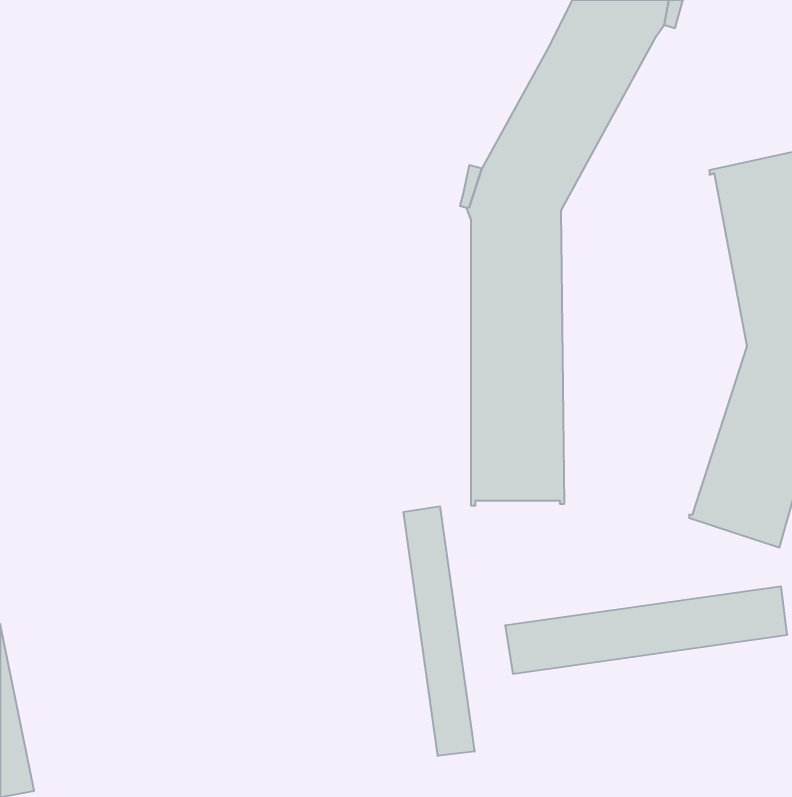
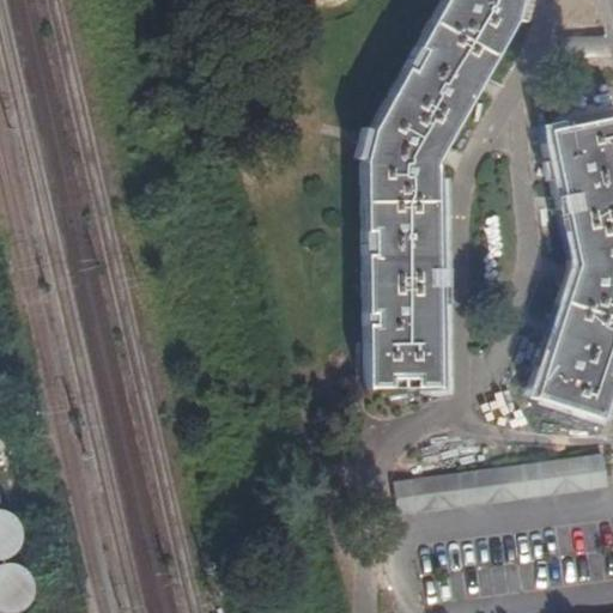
building: [404,506,475,756] -> none

